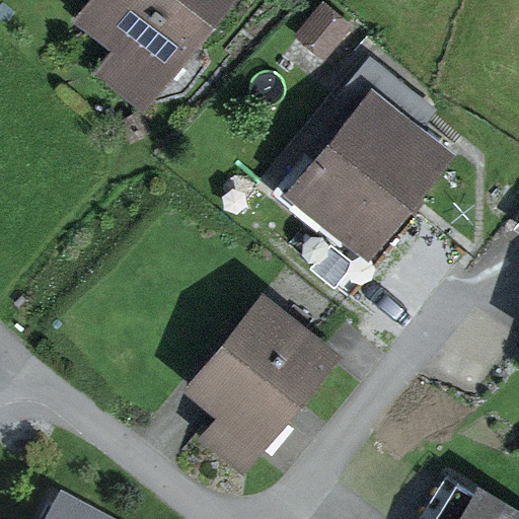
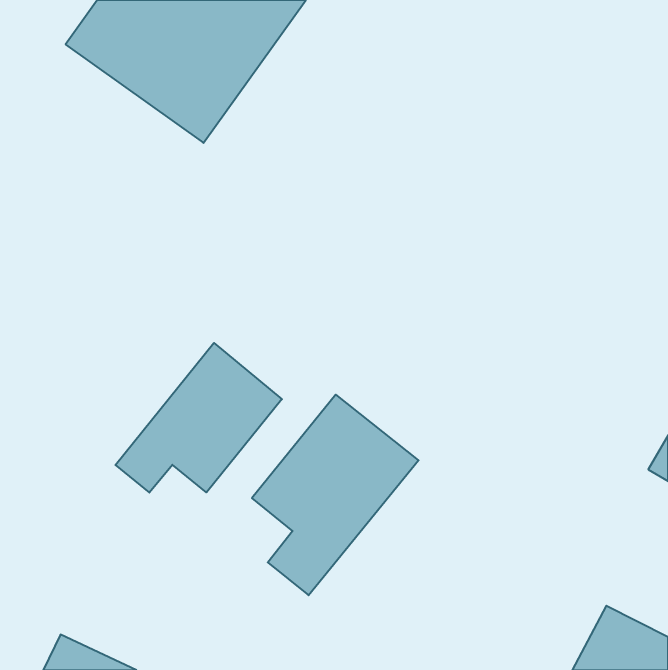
building: [295,97,439,244] -> none
building: none -> [115,343,282,493]

